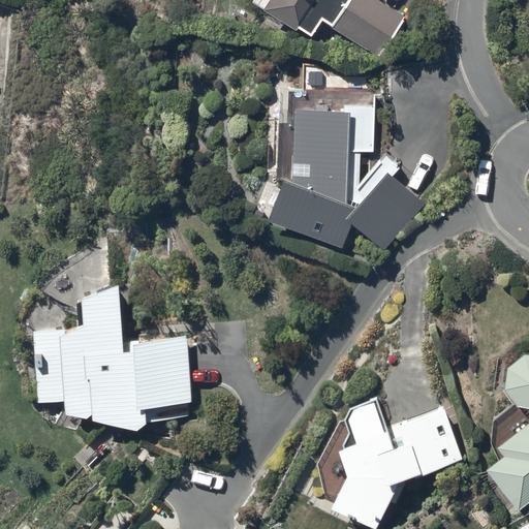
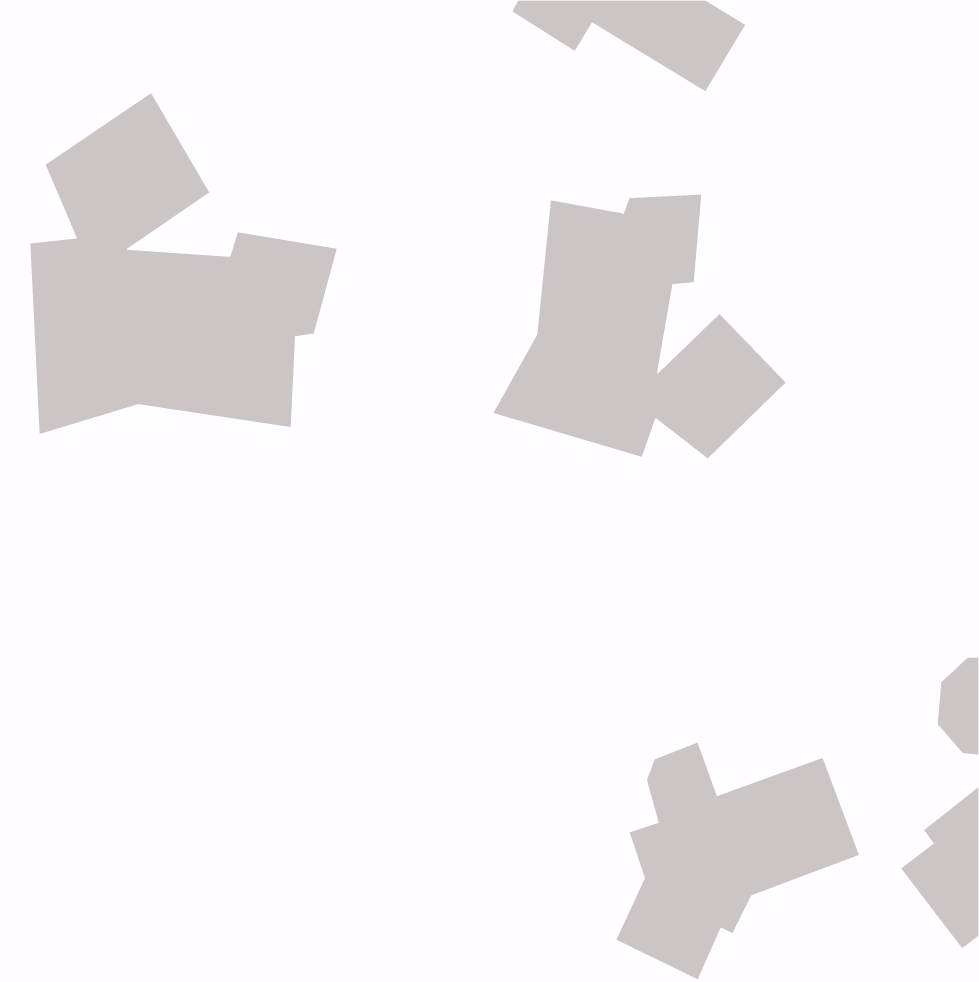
building: none -> [30,92,338,435]
building: [33,283,191,430] -> none

